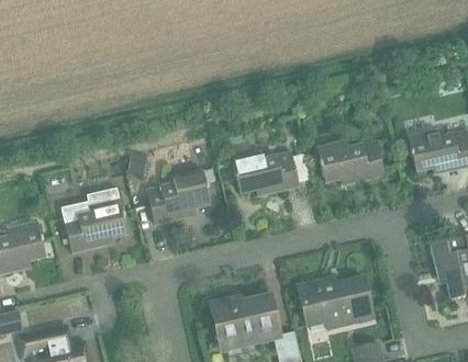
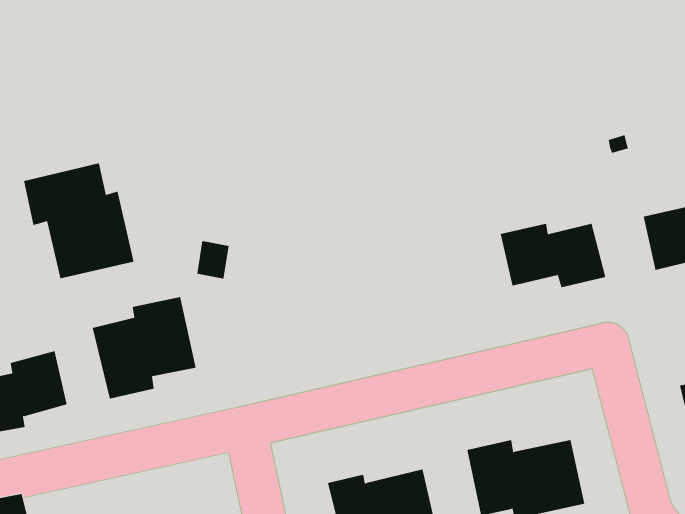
building: none -> [23,163,134,279]
building: [232,151,298,192] -> none
building: [146,169,210,224] -> none

